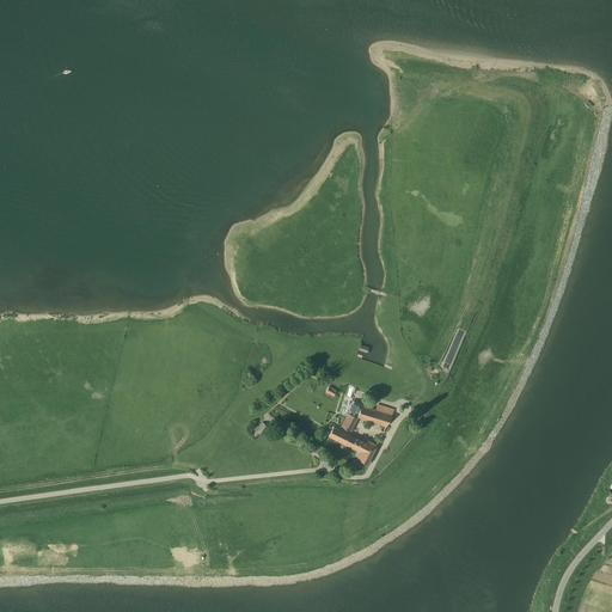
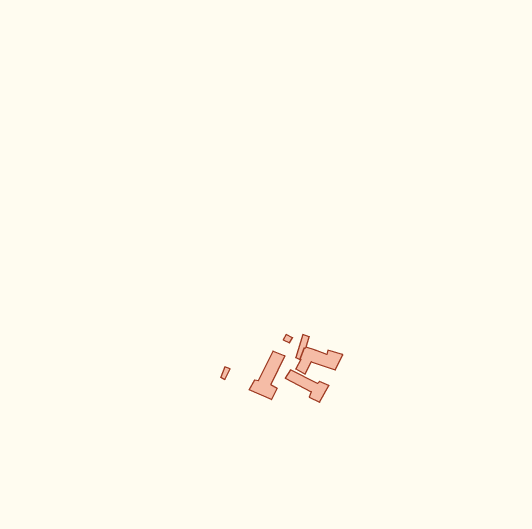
building: none -> [249,351,285,400]

